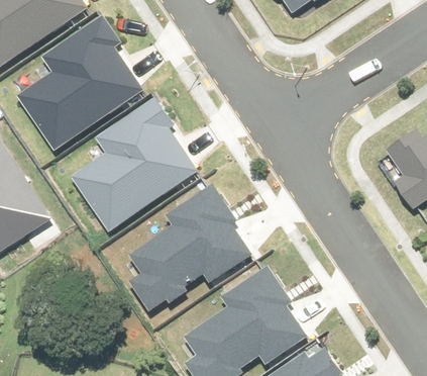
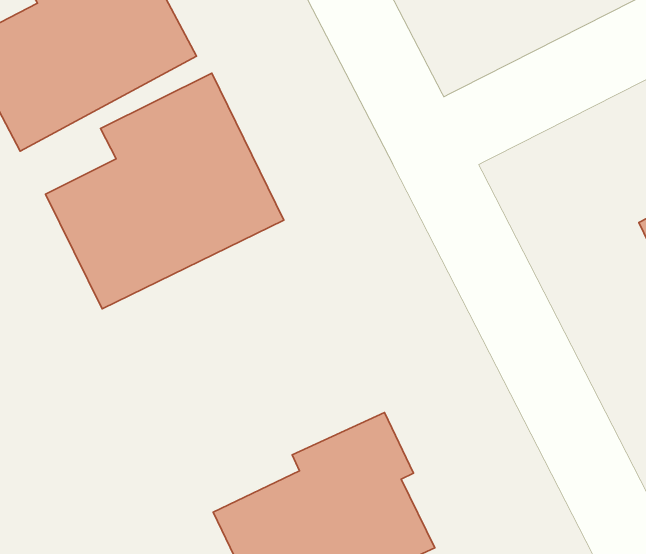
building: [127,185,247,308] -> none

